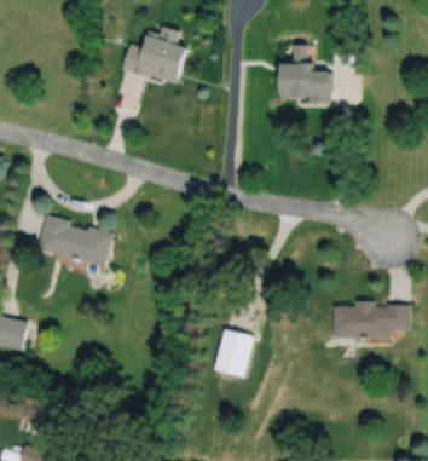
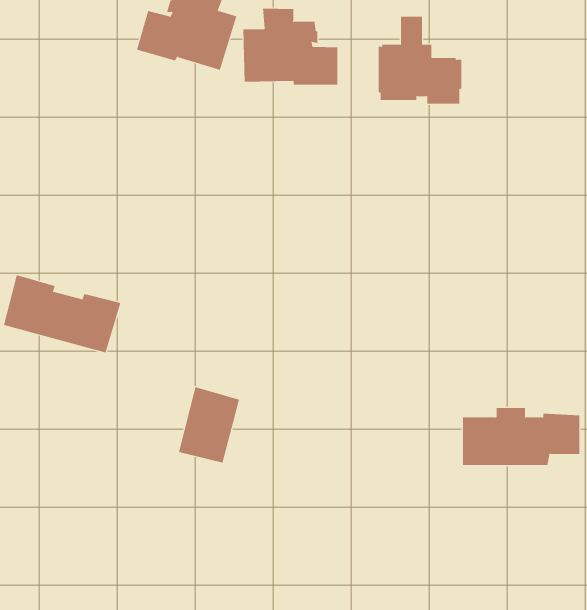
building: none -> [243,8,338,86]
building: [214,327,254,376] -> [178,387,240,463]

